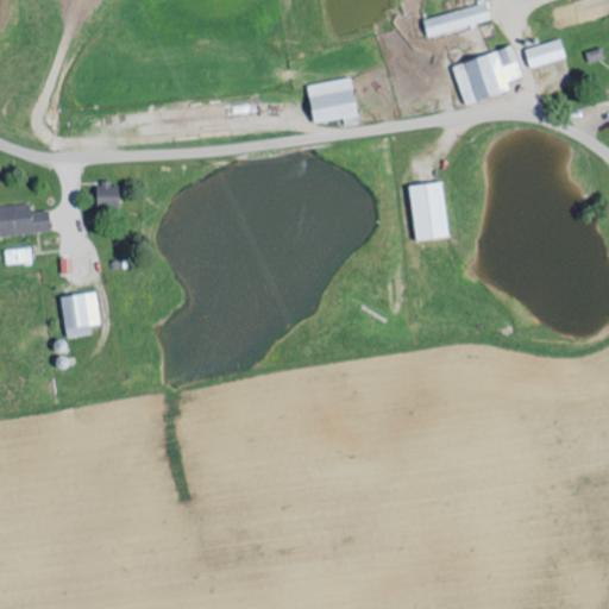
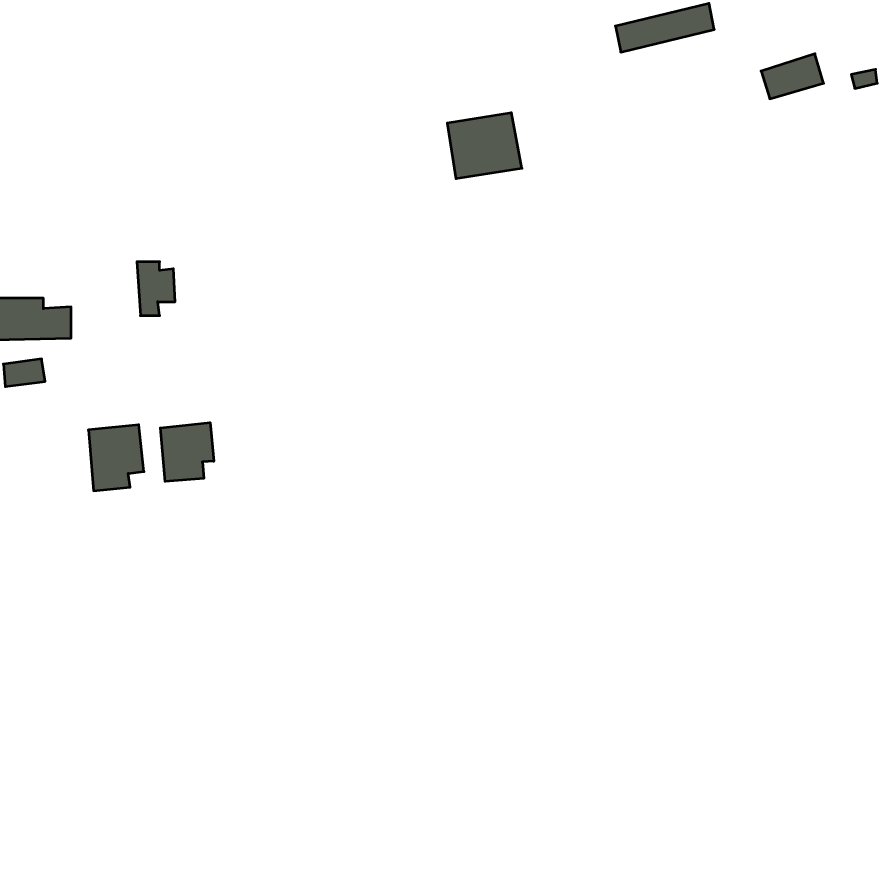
building: [452,46,521,105] -> none
building: [407,181,450,241] -> none
building: none -> [160,423,214,481]

